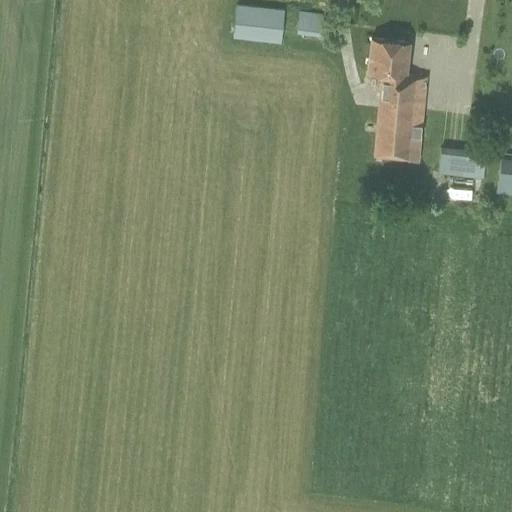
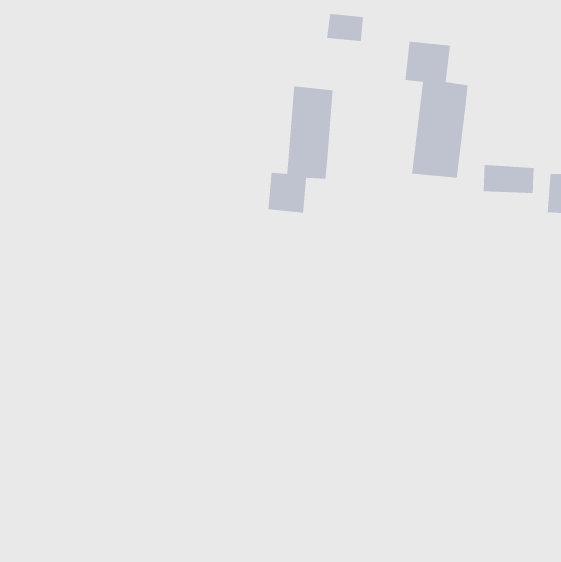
building: [235,6,286,43] -> none
building: none -> [268,86,334,213]

